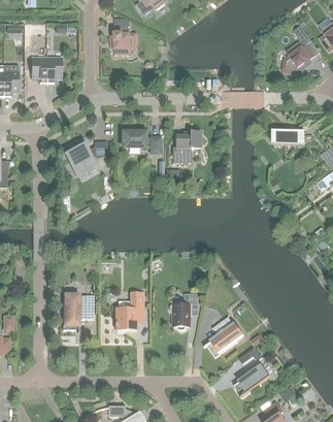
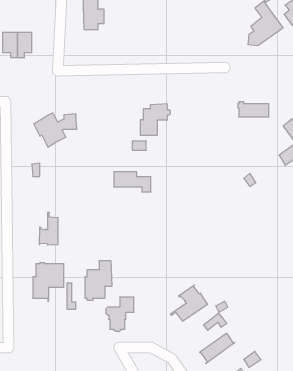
building: [123,131,161,152] -> [114,172,151,192]
building: none -> [40,212,58,245]
building: [170,293,199,328] -> [106,297,134,331]

